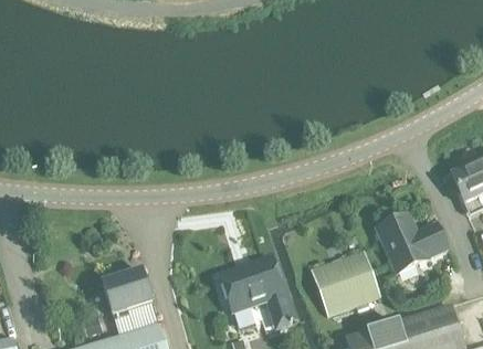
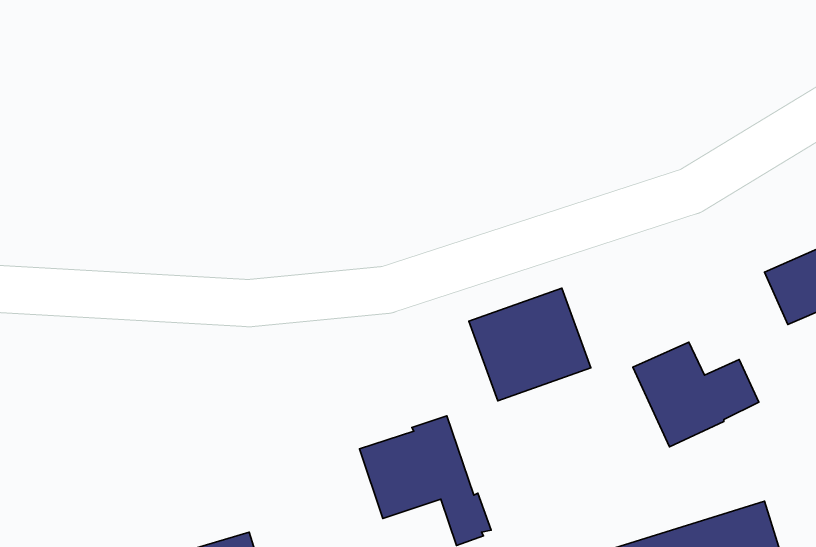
building: [311,251,380,315] -> [469,288,591,401]
building: [103,269,151,316] -> none

